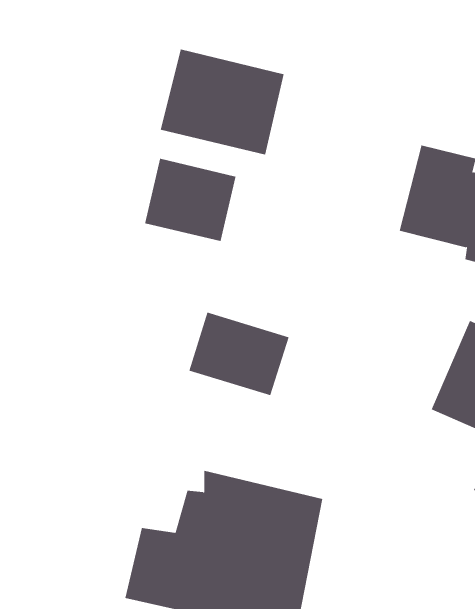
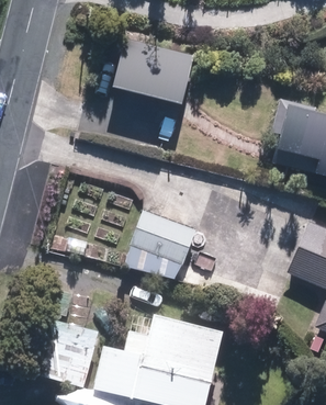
building: [144,158,236,242] -> none
building: none -> [37,315,99,389]

